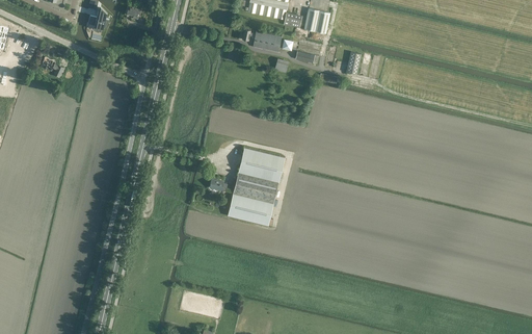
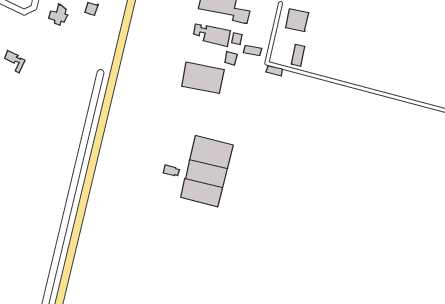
building: [304,9,329,33] -> [285,9,309,31]
building: none -> [182,62,224,94]

